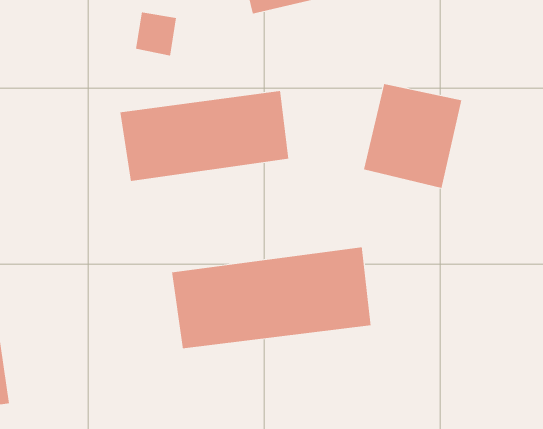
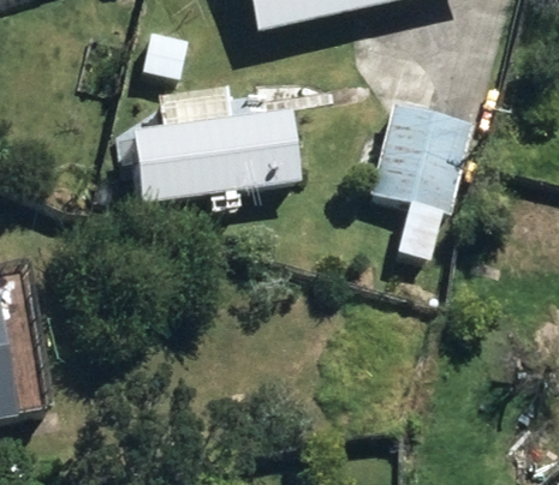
building: [171,247,371,349] -> none

